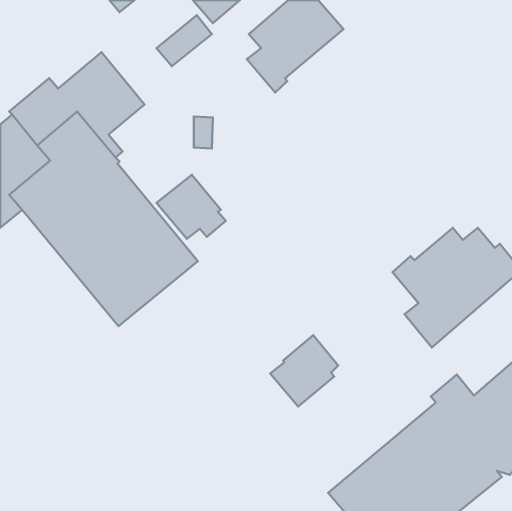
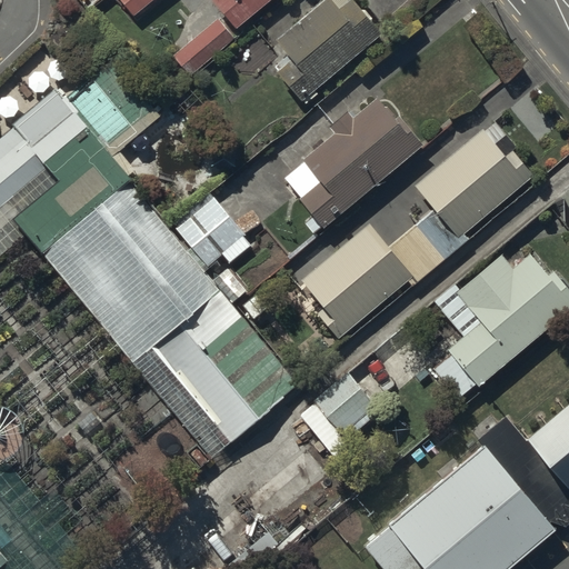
building: none -> [286,98,419,234]
building: none -> [302,129,533,340]
building: none -> [132,291,299,459]

